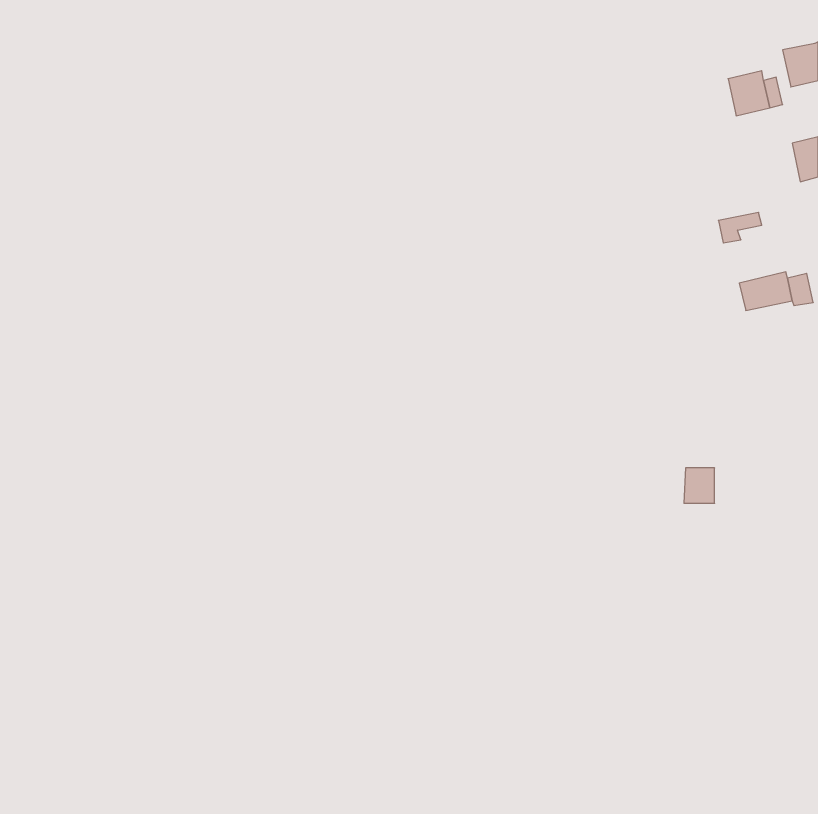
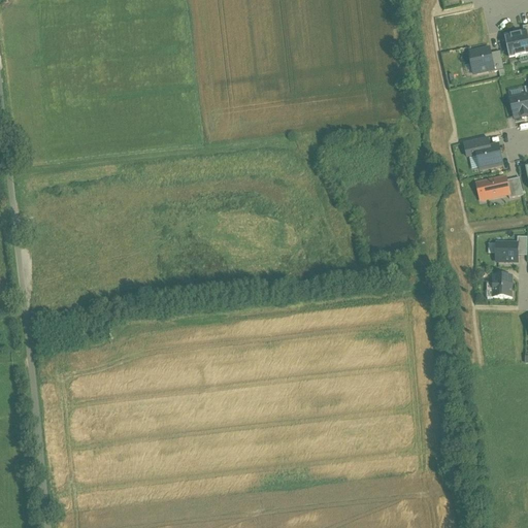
building: none -> [473,143,500,167]
building: none -> [494,238,518,261]
building: [684,468,715,503] -> [492,274,512,297]

